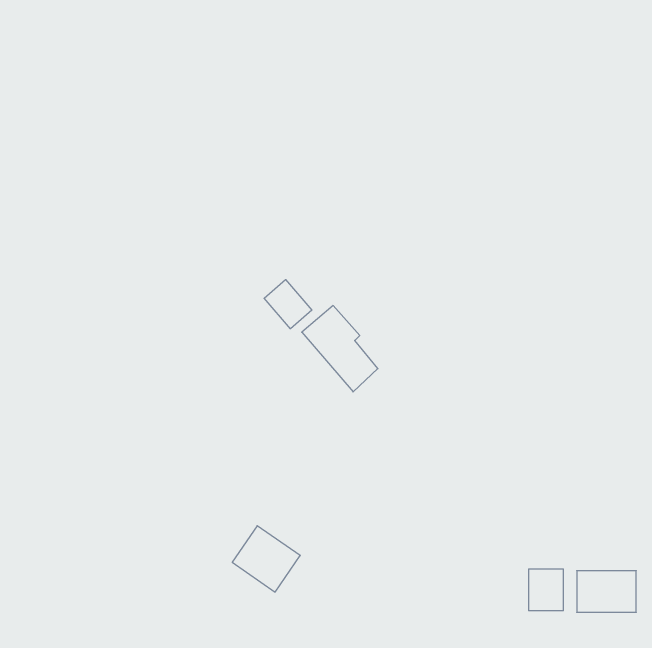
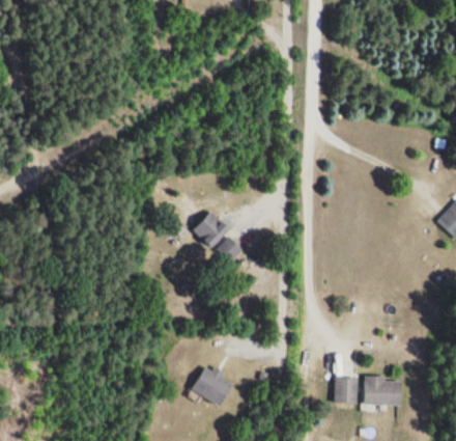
building: [264,280,312,329] -> none
building: [232,526,300,592] -> [192,365,234,407]

